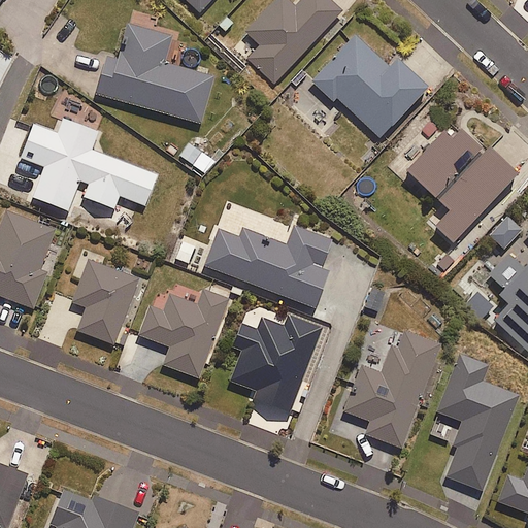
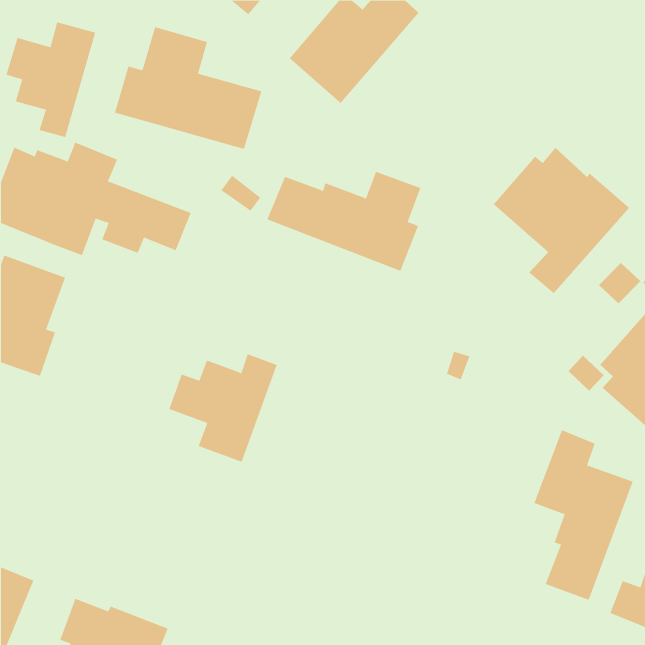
building: none -> [6,21,96,138]
building: [315,36,429,138] -> none
building: [204,226,330,307] -> [267,171,421,271]
building: [71,260,138,344] -> none
building: [230,316,321,416] -> none
building: [342,330,439,447] -> none

